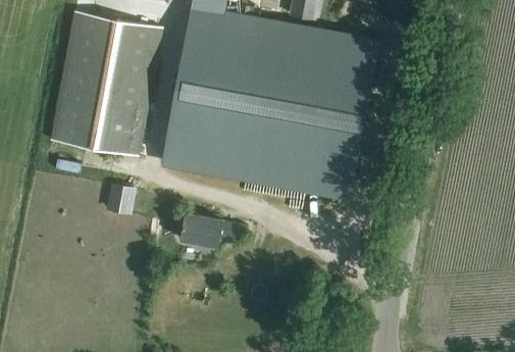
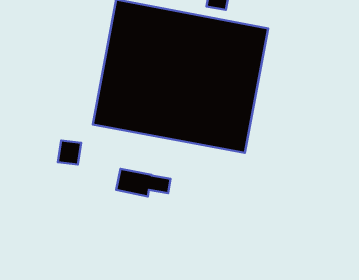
building: [55,13,166,157] -> none

